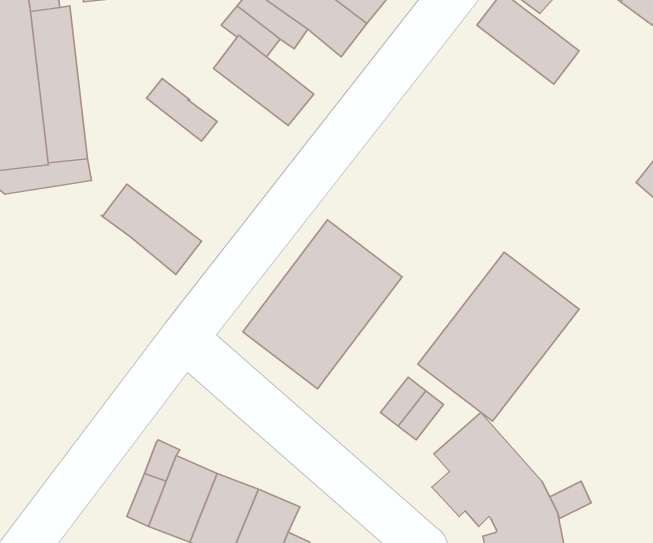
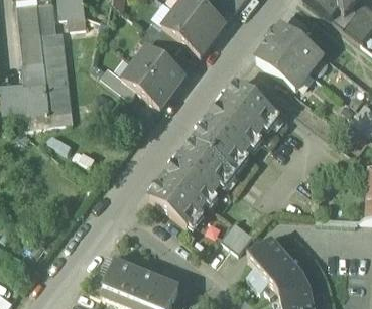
building: none -> [257,39,309,88]
building: [101,184,201,274] -> [122,61,173,108]
building: [418,252,579,421] -> [194,82,276,168]

